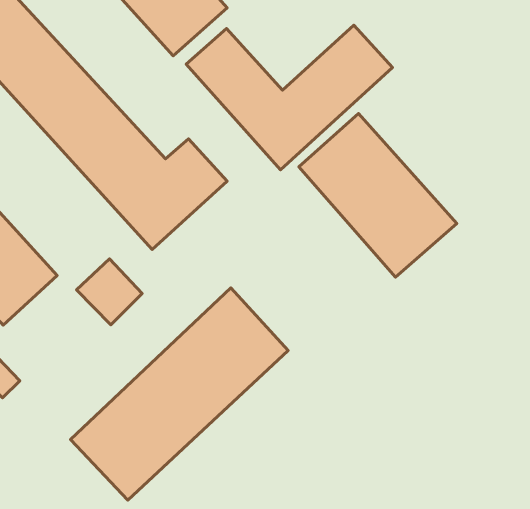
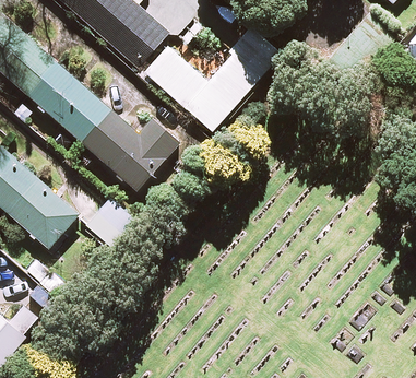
building: [299,114,457,277] -> none
building: [70,288,288,500] -> none

